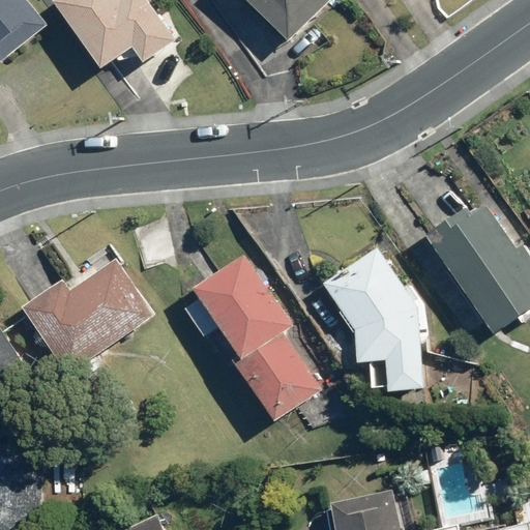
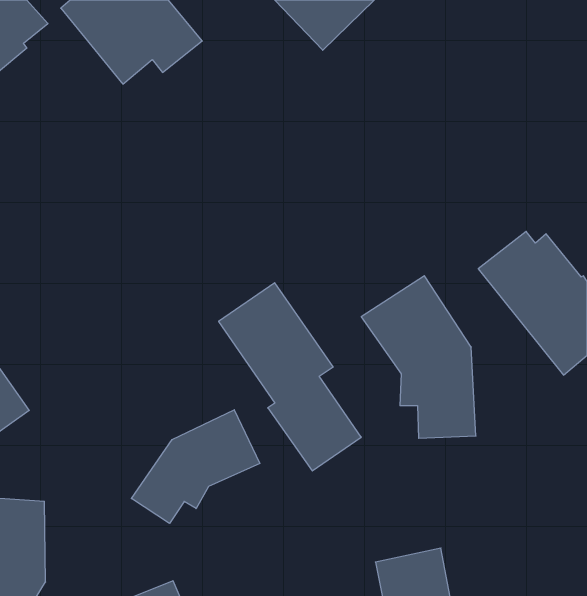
building: [21,258,154,375] -> none
building: none -> [131,410,260,523]

